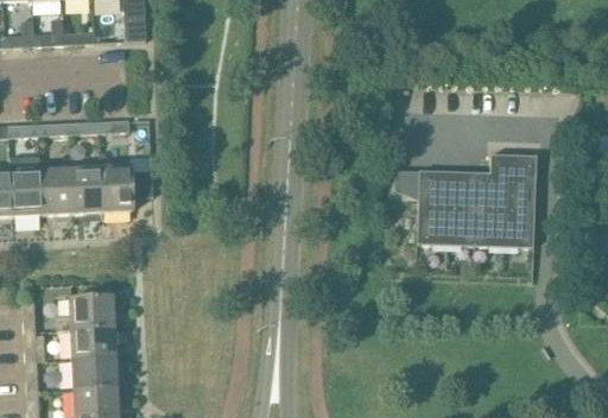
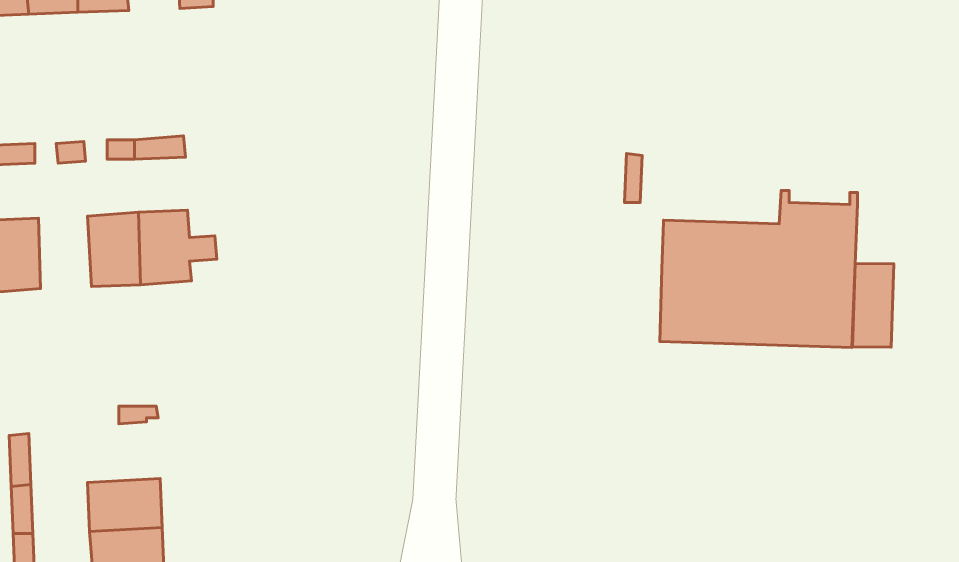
building: [39,169,71,213] -> none
building: none -> [853,263,894,347]
building: [56,297,113,330] -> none

